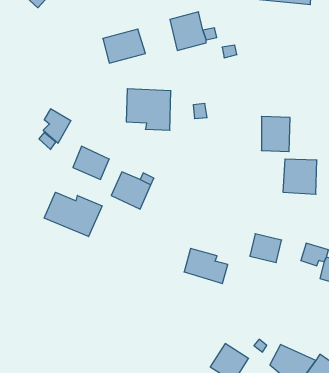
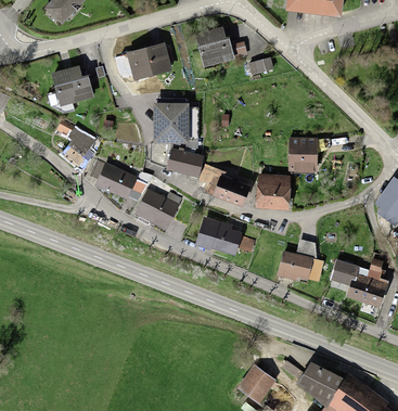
building: none -> [51,66,92,103]
building: none -> [167,147,203,176]
building: [283,159,317,194] -> [256,170,291,206]
building: none -> [213,177,249,205]
building: [44,192,102,237] -> none
building: [184,248,228,284] -> [197,217,242,253]

